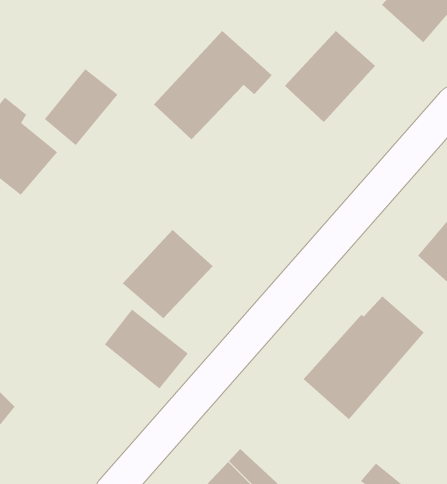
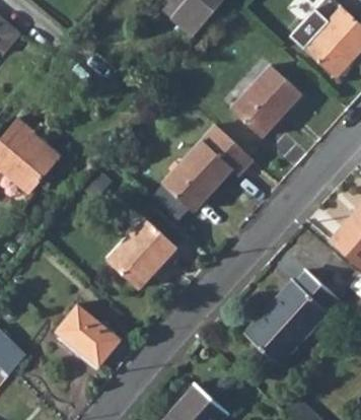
building: [153,30,273,140] -> [162,127,254,211]
building: [44,68,118,146] -> none
building: [104,309,189,389] -> [55,303,120,365]

